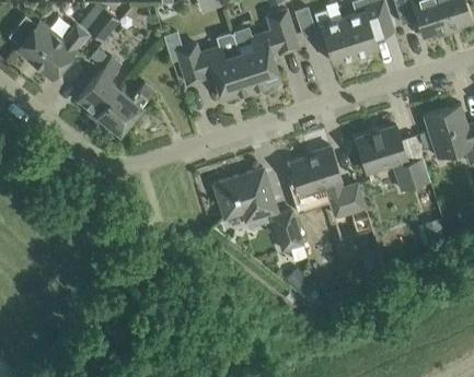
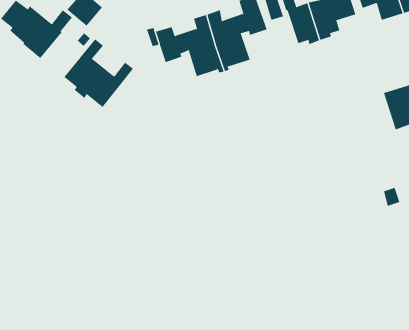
building: [356,127,430,191] -> none
building: [289,148,366,219] -> none
building: [213,169,302,251] -> none

